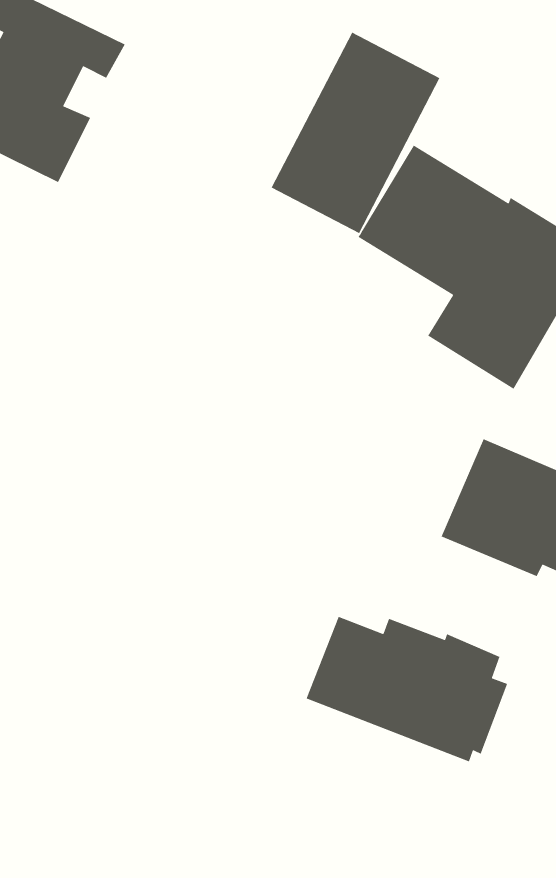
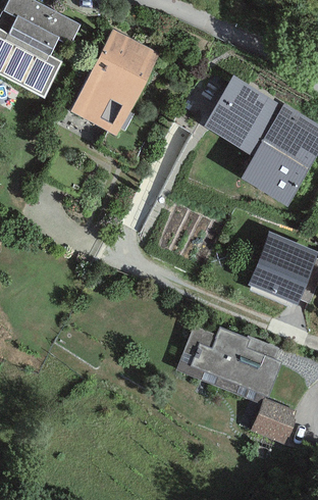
building: [271,31,441,234] -> [70,29,160,136]
building: none -> [251,397,299,444]

